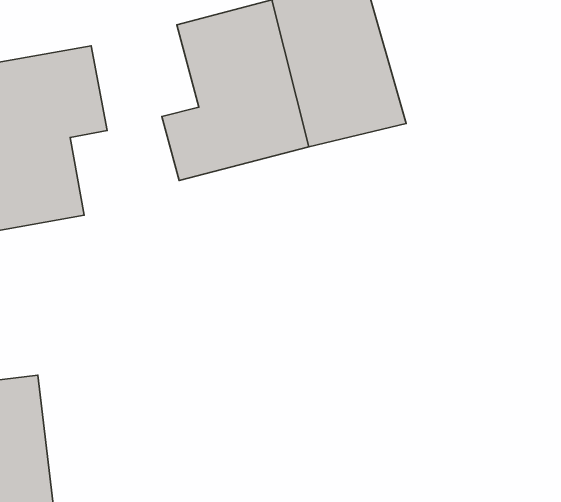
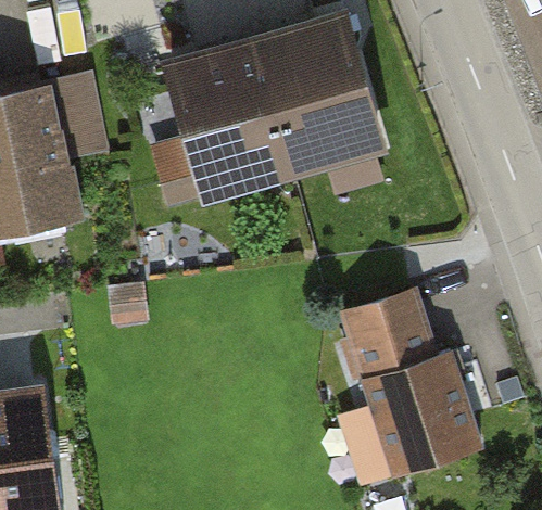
building: none -> [338,293,433,373]
building: none -> [361,357,480,482]

